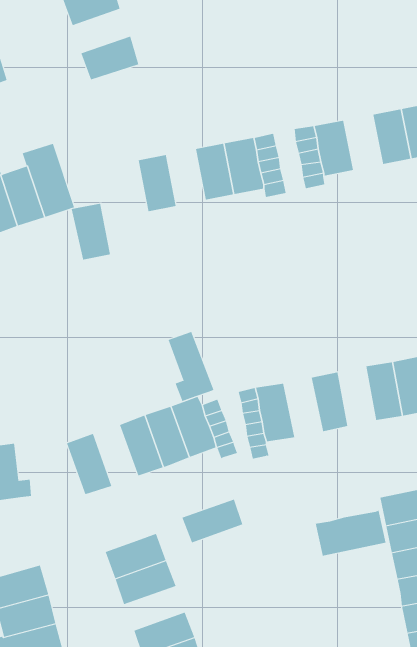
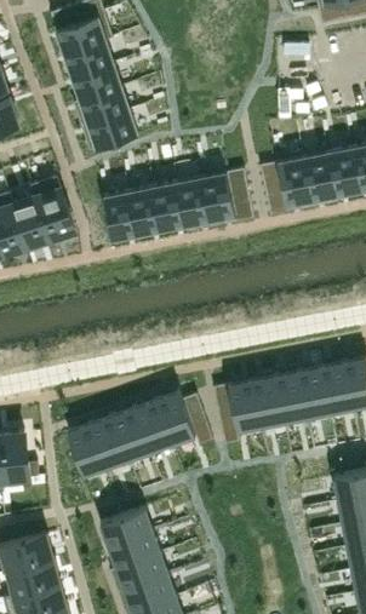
building: none -> [73,64,122,102]
building: none -> [88,111,138,149]
building: none -> [303,154,336,201]
building: none -> [153,183,185,231]
building: [71,203,111,260] -> [103,193,137,241]
building: [168,331,214,402] -> none
building: none -> [298,367,330,418]
building: none -> [252,377,285,427]
building: none -> [91,417,128,469]
building: [181,499,243,543] -> [116,553,168,591]
building: [315,510,386,557] -> none

